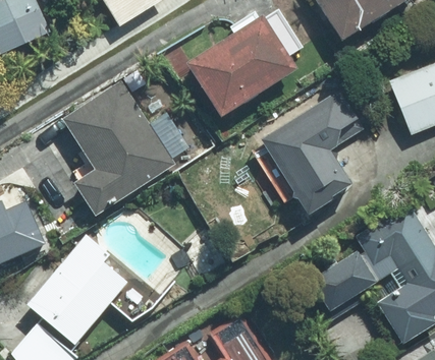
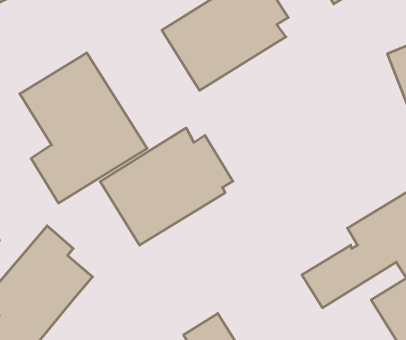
building: [264,91,362,209] -> none
building: none -> [100,128,233,245]

